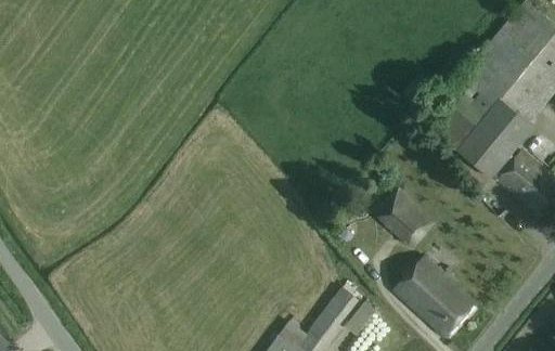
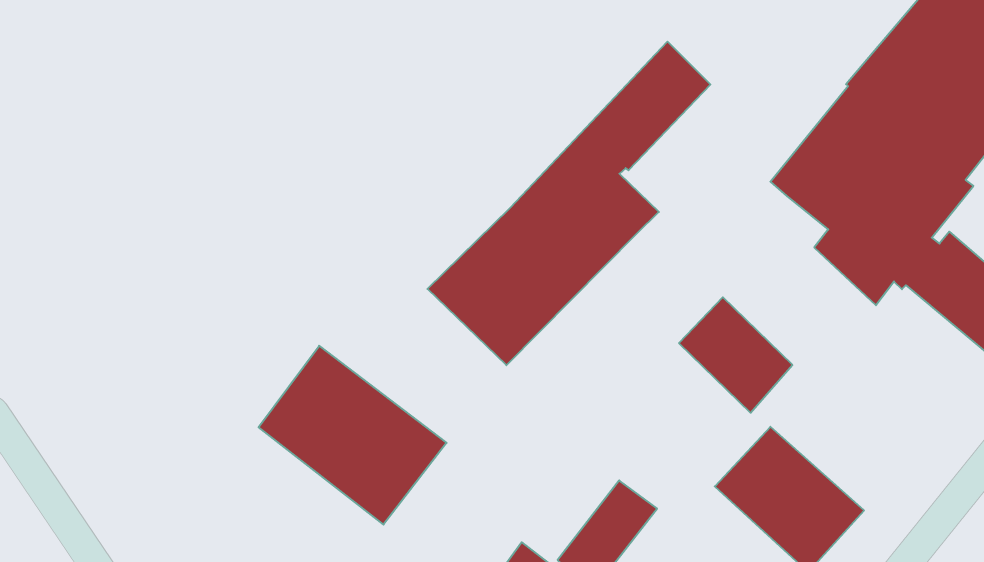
building: none -> [427,42,710,365]
building: none -> [259,346,447,525]

